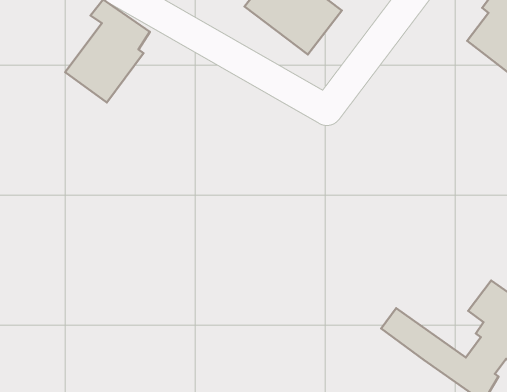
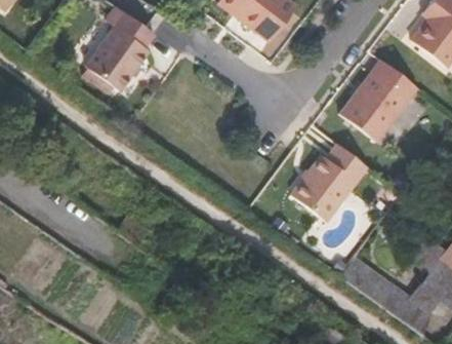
building: none -> [340,61,417,142]
building: none -> [292,144,368,221]

